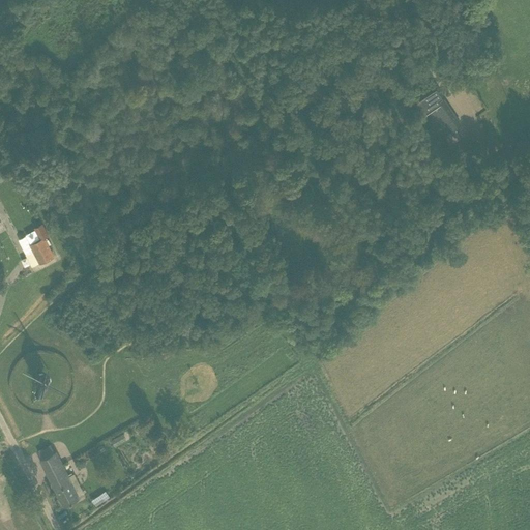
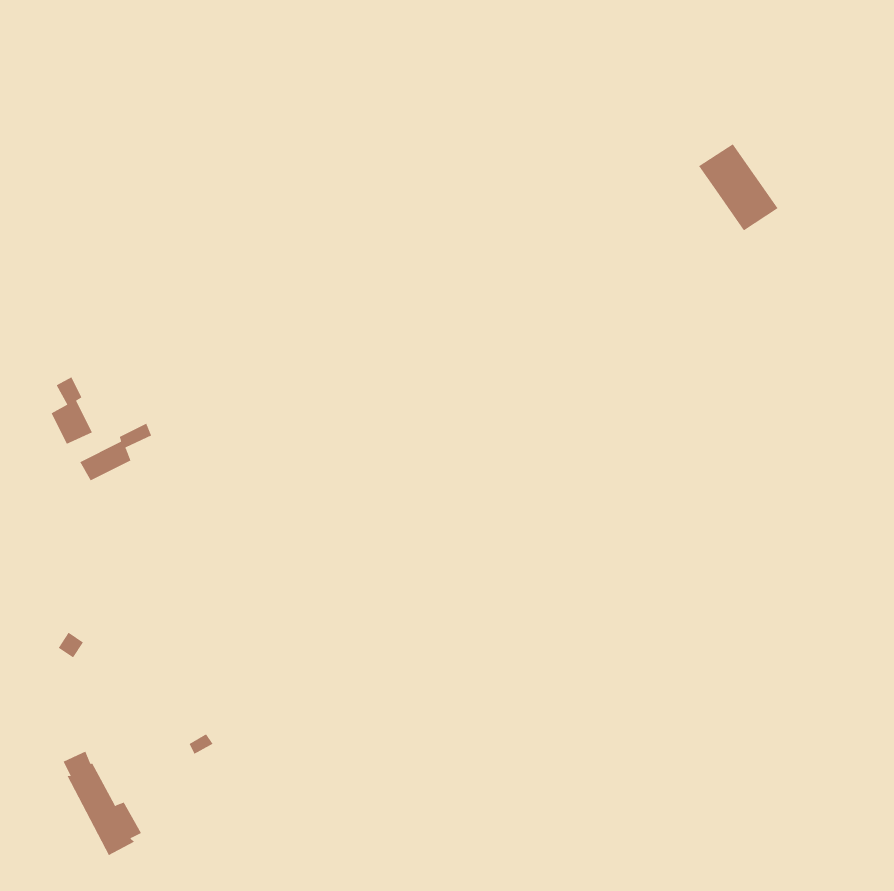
building: none -> [80,423,152,481]

